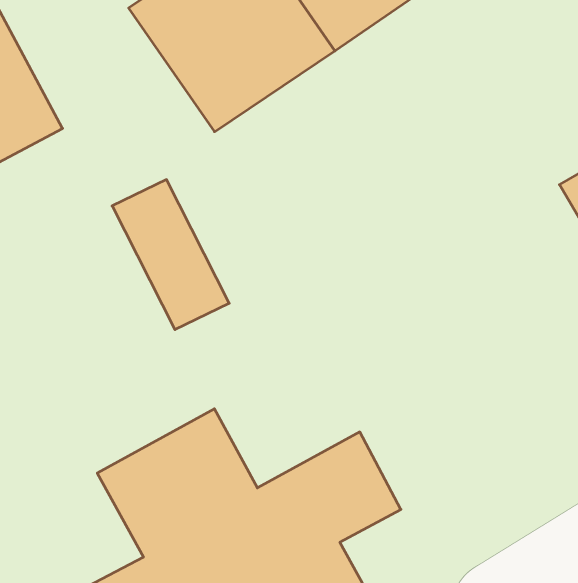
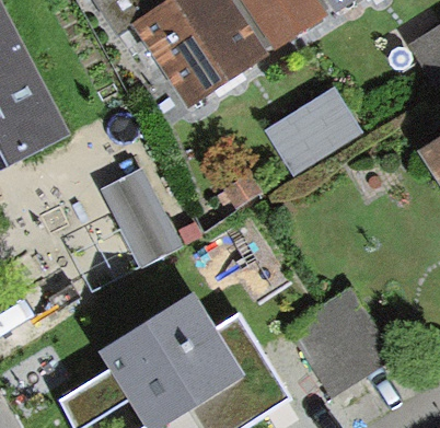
building: none -> [269,80,366,169]
building: none -> [292,286,398,393]

